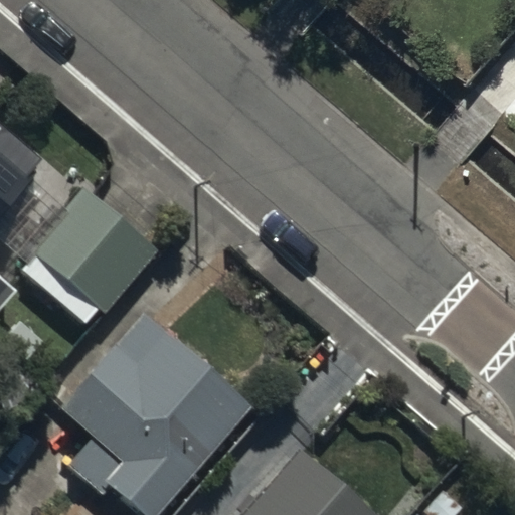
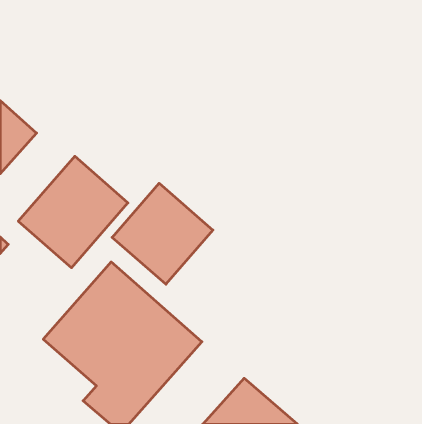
building: none -> [112,183,213,284]

